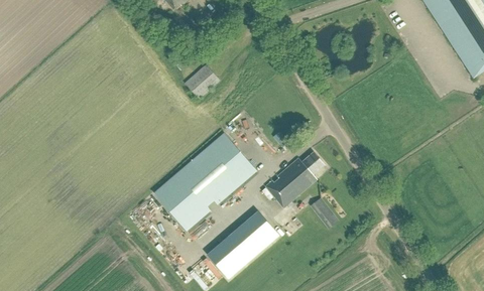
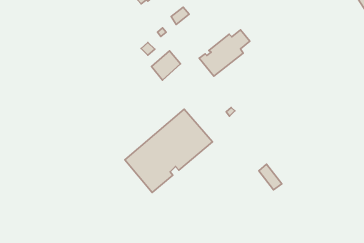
building: [264,152,324,206] -> [199,30,250,76]
building: [207,210,278,278] -> none

